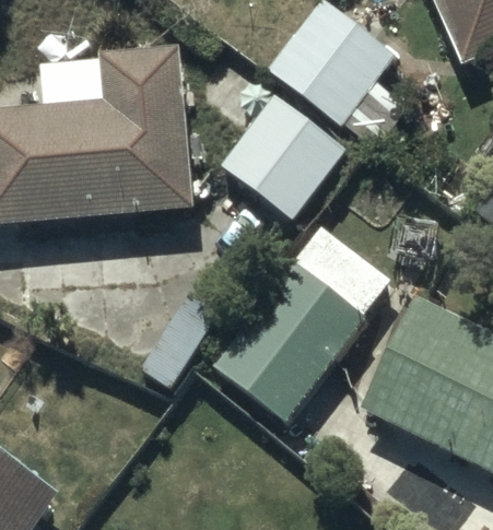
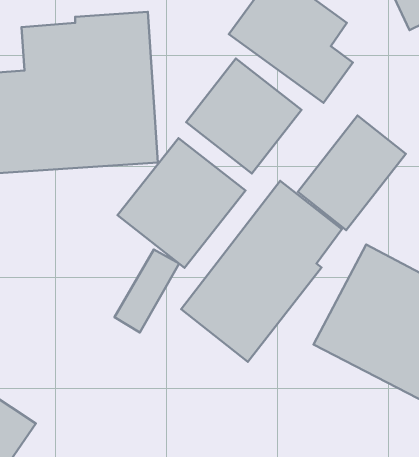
building: none -> [298,116,406,230]
building: none -> [118,138,245,268]

